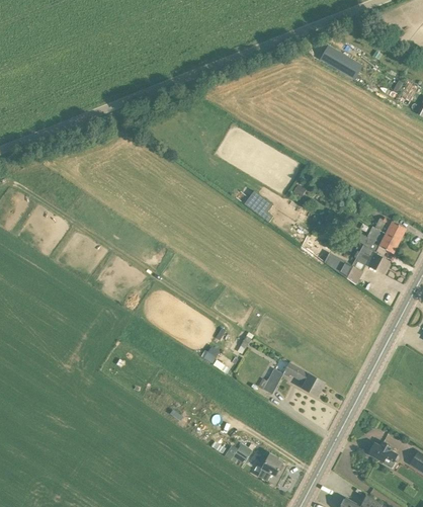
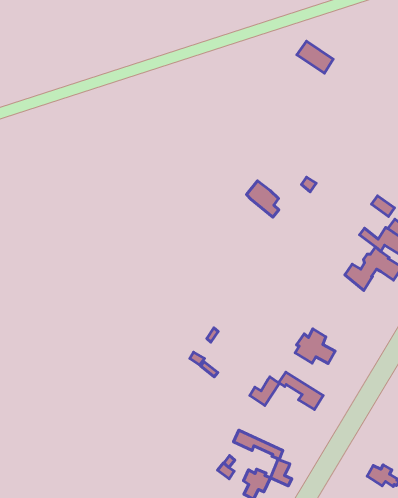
building: [320,46,353,74] -> [297,41,333,73]
building: none -> [295,329,335,364]
building: none -> [233,430,292,486]

